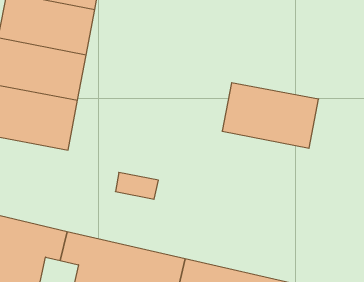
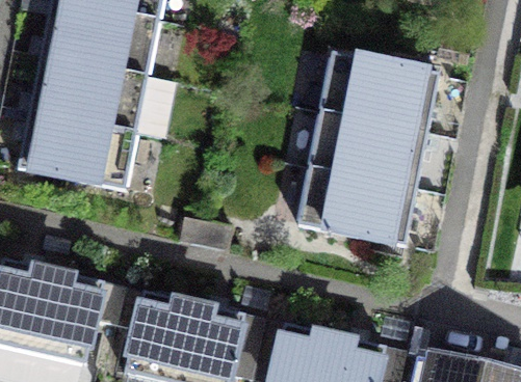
building: none -> [322,55,438,127]
building: none -> [301,165,416,240]

